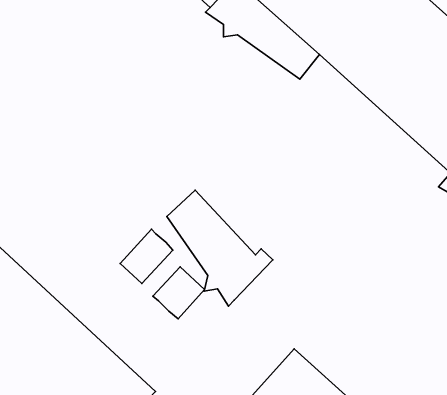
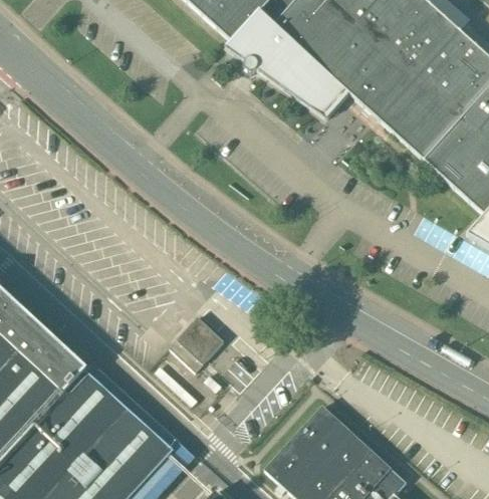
building: [167,190,273,306] -> none
building: [120,229,173,283] -> none

